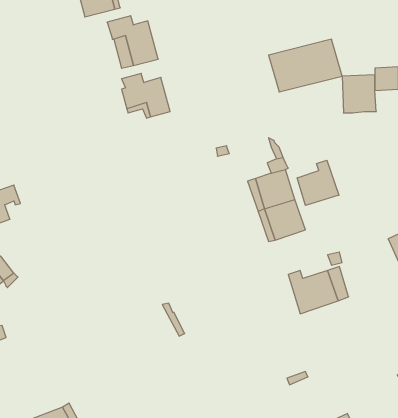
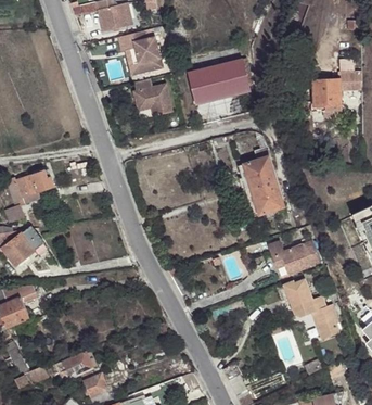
building: [269,39,342,92] -> [190,58,251,101]
building: [297,160,339,205] -> none
building: none -> [283,280,337,340]

